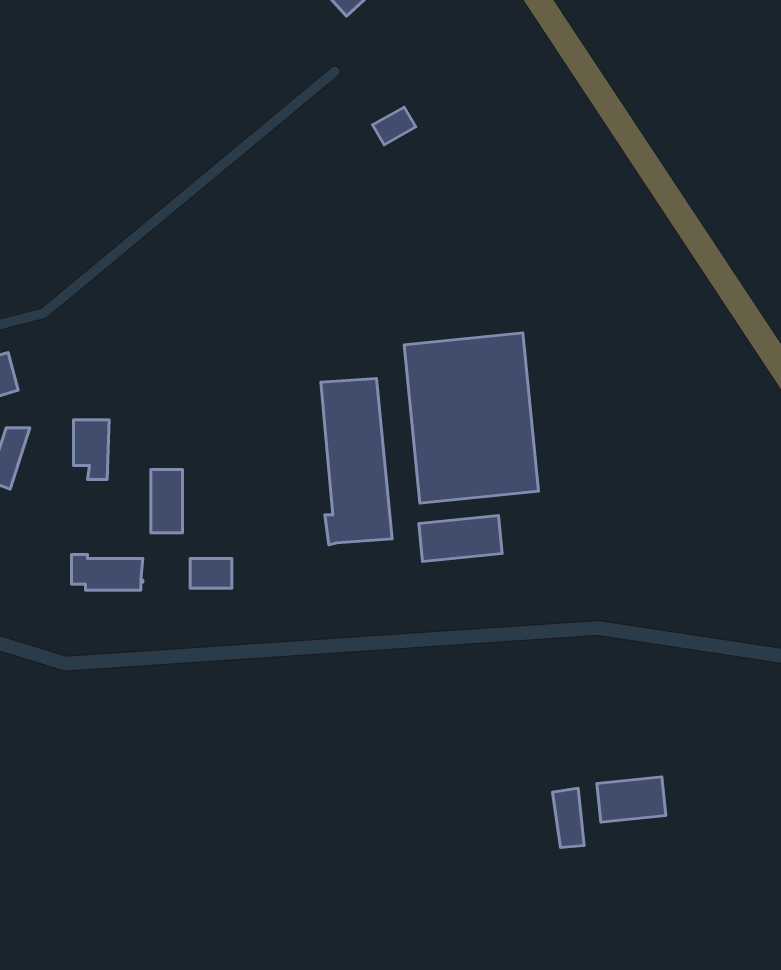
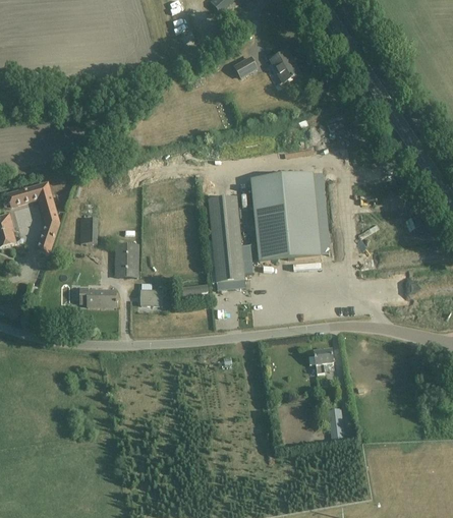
building: none -> [272,50,299,80]
building: [419,516,502,561] -> none
building: none -> [308,349,334,373]
building: [597,777,666,822] -> none

